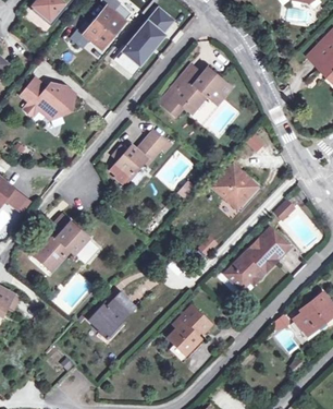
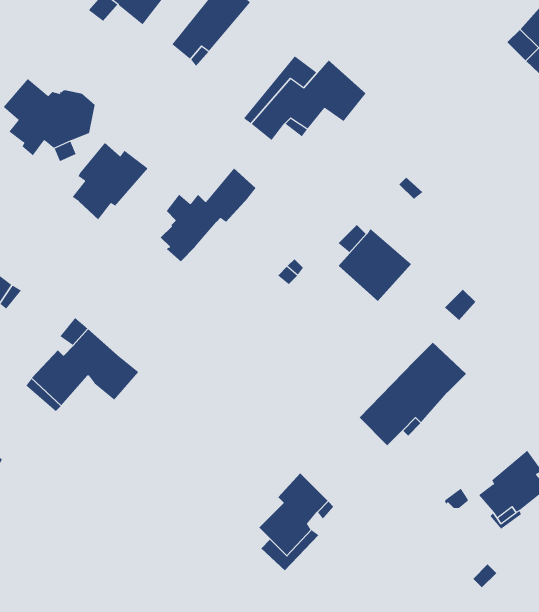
building: none -> [72,142,149,220]
building: [88,292,134,336] -> none

